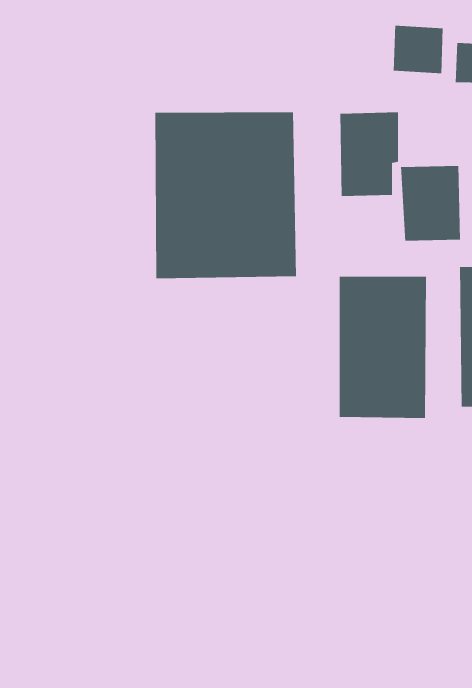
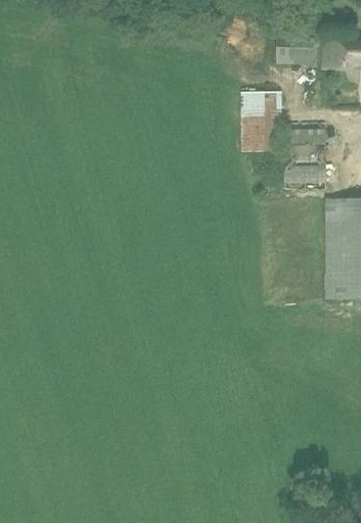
building: [155,112,297,279] -> none
building: [339,276,427,419] -> none

